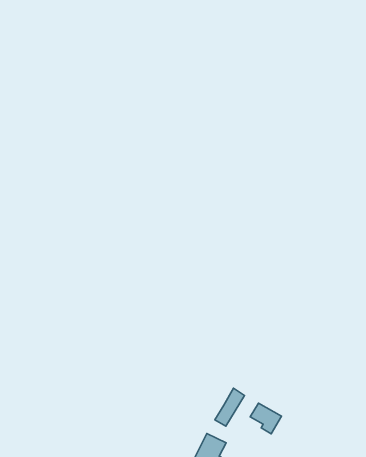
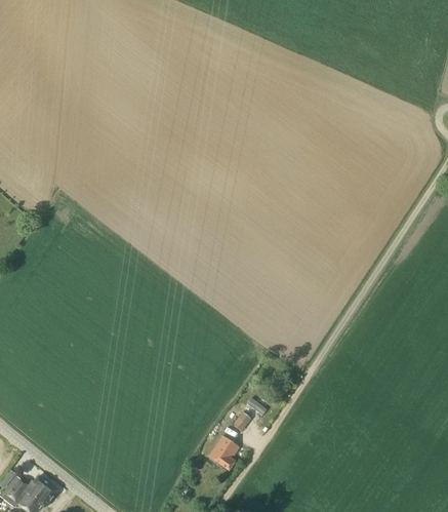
building: [250,403,281,434] -> none

